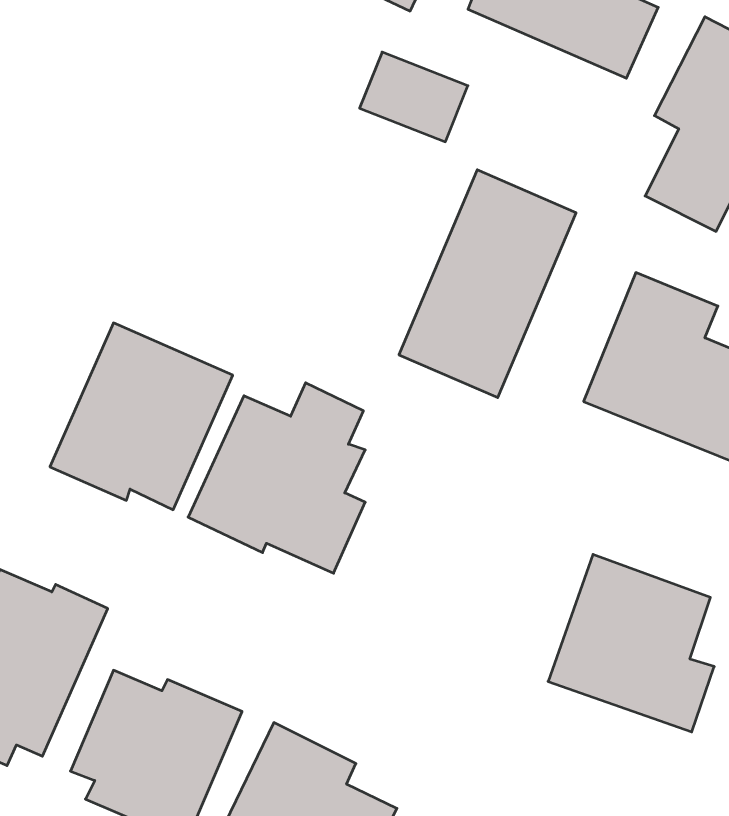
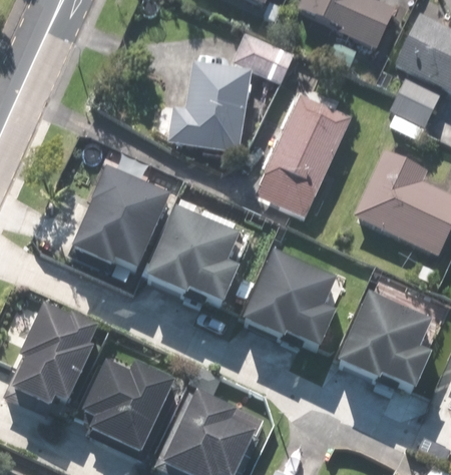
building: none -> [169,61,251,149]
building: none -> [241,255,334,350]

